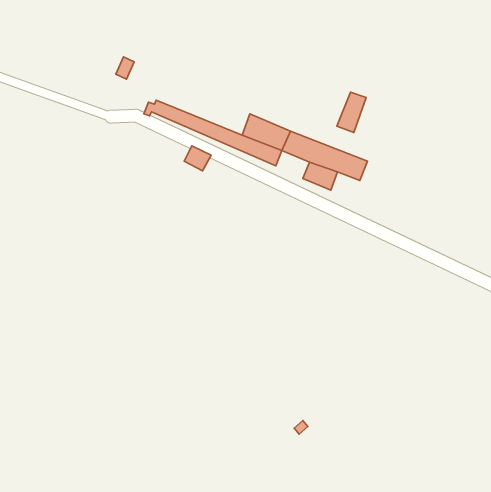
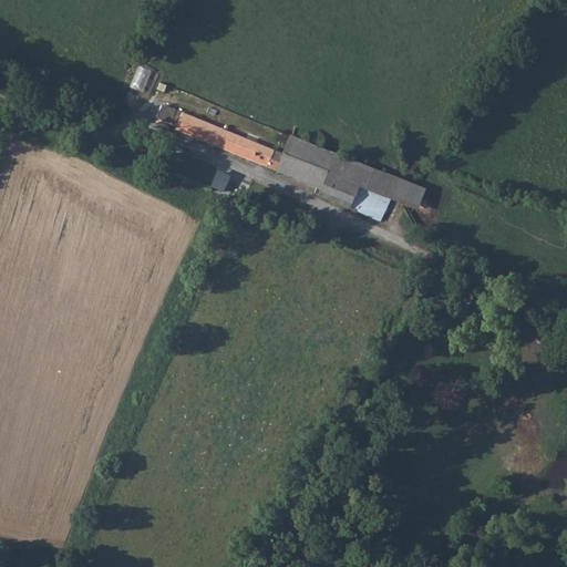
building: [337,92,366,133] -> none
building: none -> [317,173,358,209]

